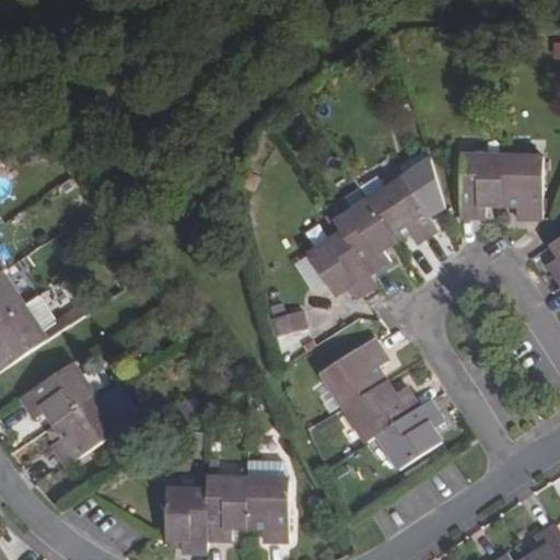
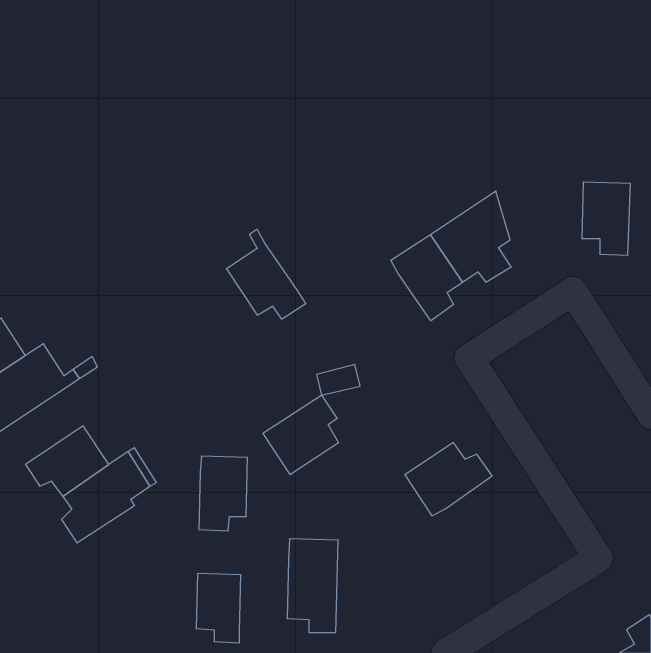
building: [454,154,498,215] -> none
building: [307,222,375,299] -> [226,229,306,319]
building: [323,337,387,405] -> [263,395,339,475]
building: [380,399,446,465] -> none
building: [205,476,246,539] -> [199,456,248,531]

